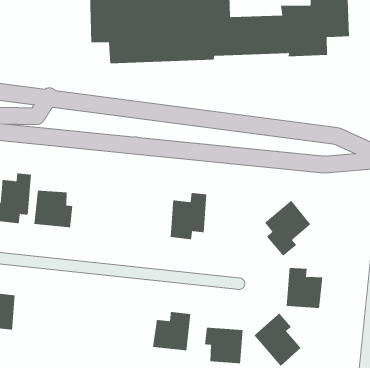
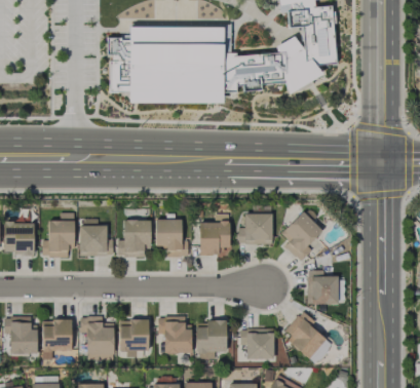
building: none -> [117,219,151,257]
building: none -> [155,219,188,257]
building: none -> [238,214,272,243]
building: none -> [80,315,114,359]
building: none -> [119,319,148,357]
building: none -> [157,316,192,353]

